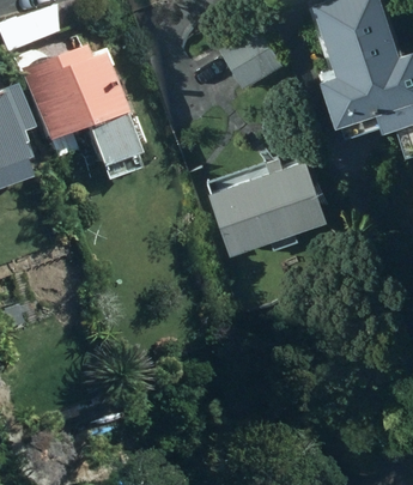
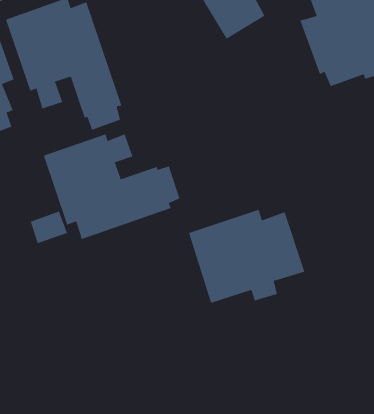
building: [207,156,326,251] -> [188,209,305,304]
building: none -> [43,133,180,240]

